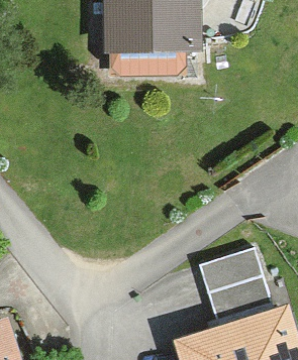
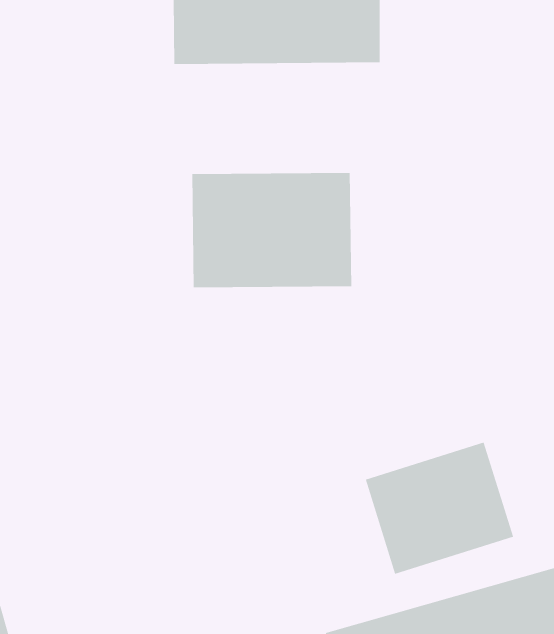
building: none -> [191,172,352,288]

